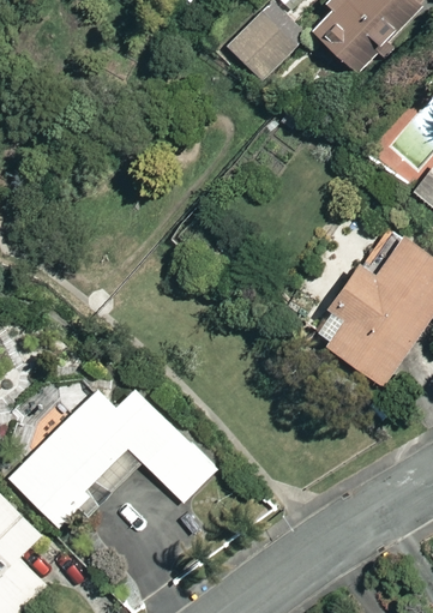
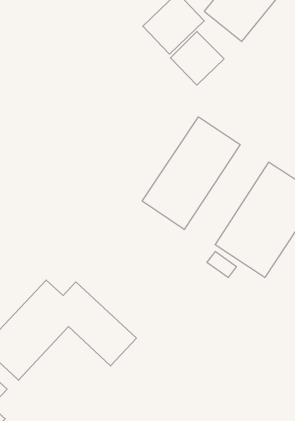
building: none -> [170,31,224,85]
building: none -> [142,117,240,230]

